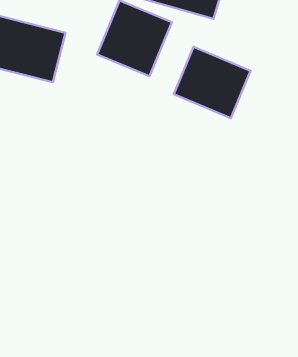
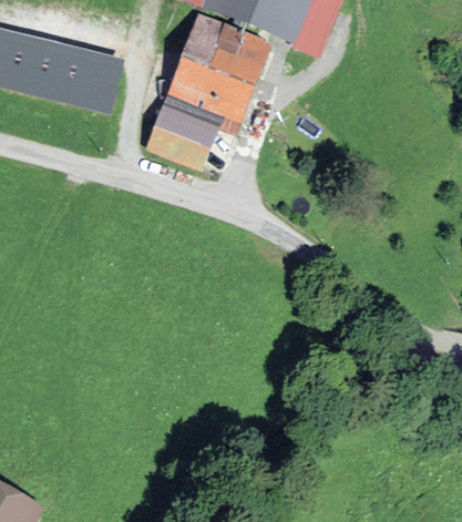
building: [174,47,251,118] -> none
building: none -> [155,93,228,158]

